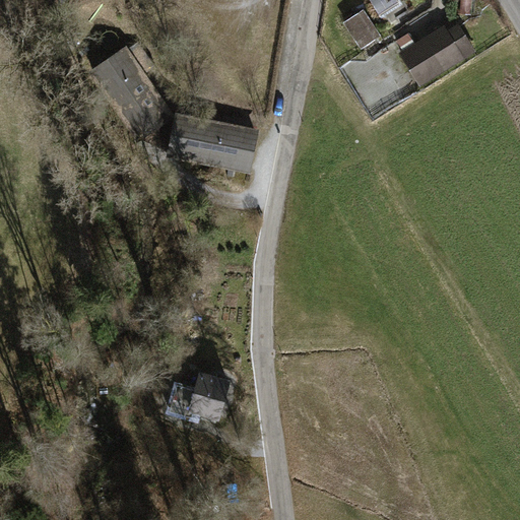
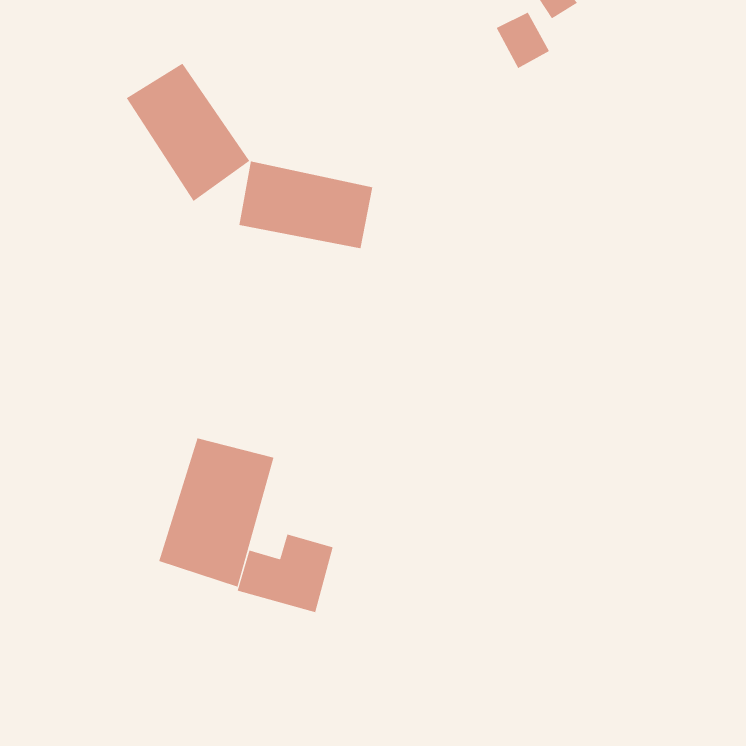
building: [400,21,476,85] -> none
building: none -> [159,437,274,588]

